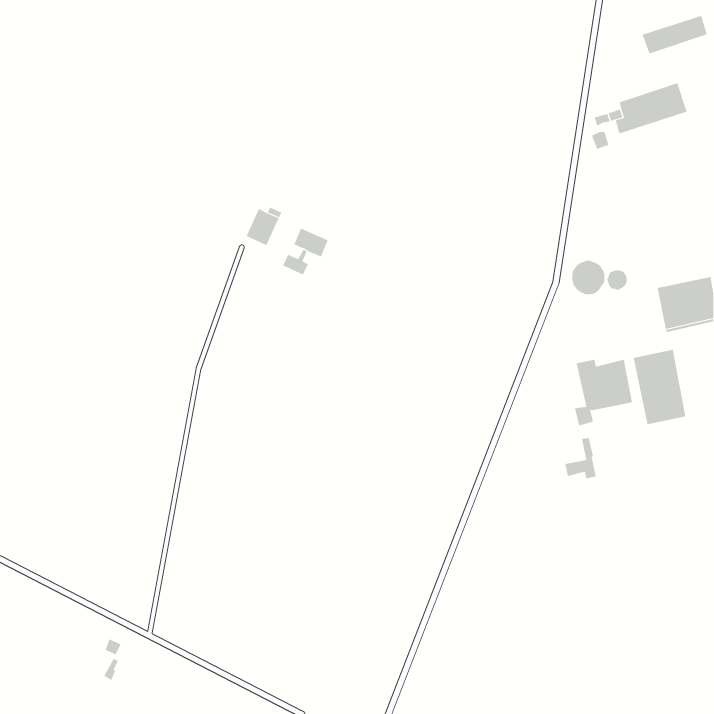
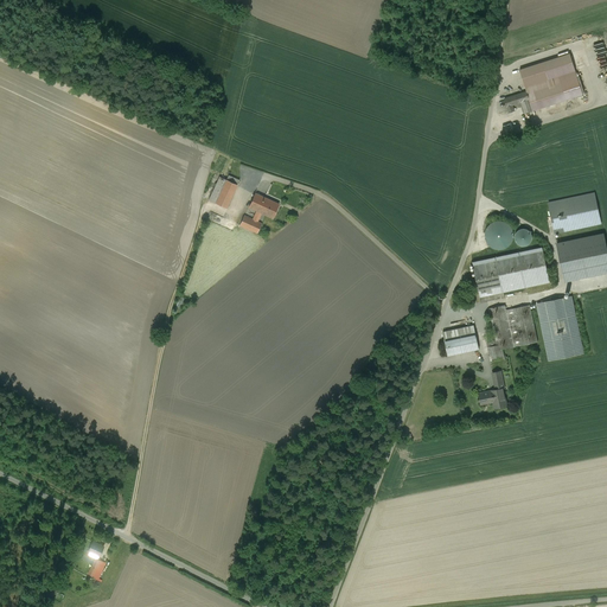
building: [642,15,707,54] -> [519,53,575,87]
building: none -> [548,193,601,232]
building: none -> [473,248,549,296]
building: none -> [442,325,479,356]

